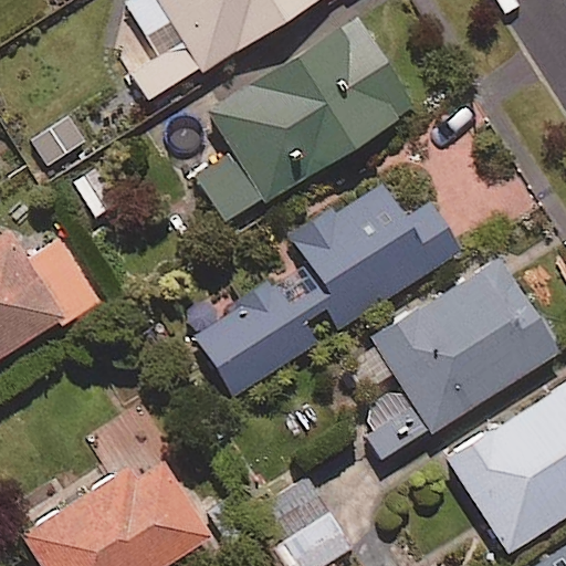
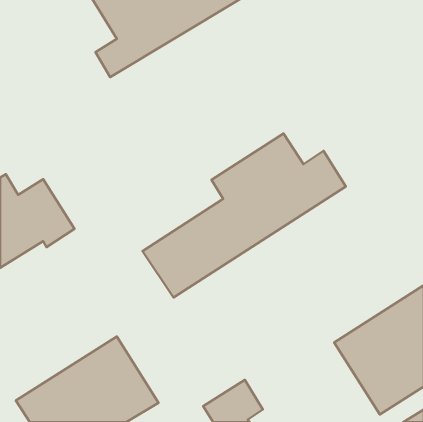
building: [198,17,415,223] -> none
building: [344,256,559,461] -> none

